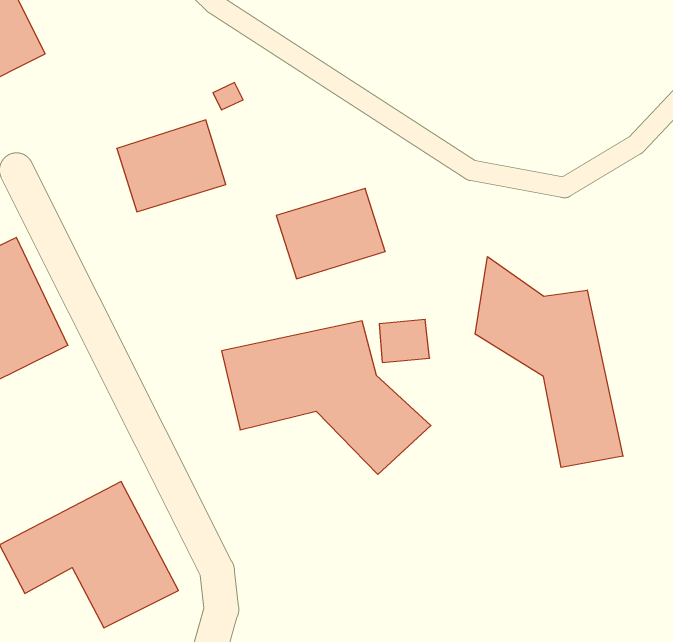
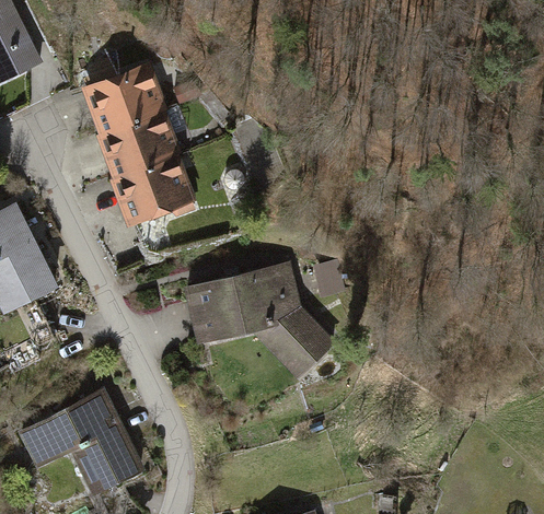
building: none -> [83,62,166,132]
building: [276,188,385,279] -> [114,160,197,229]
building: [475,257,623,467] -> none

